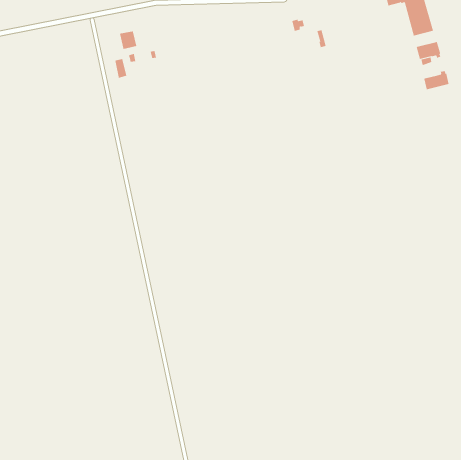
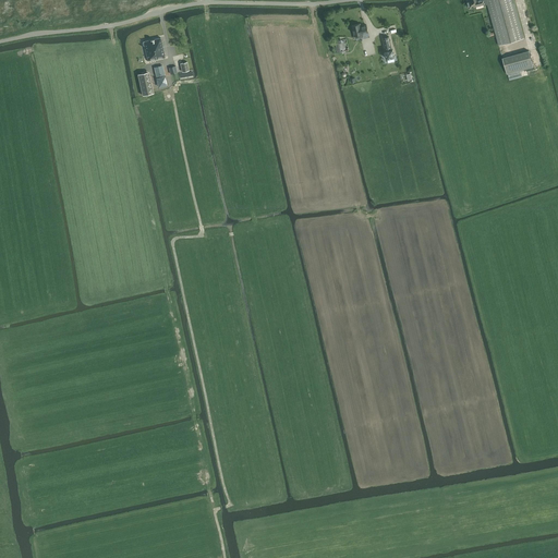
building: [424,70,449,90] -> none

